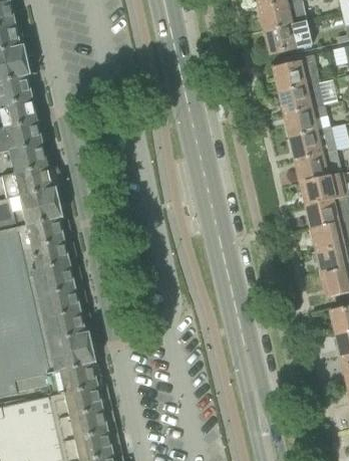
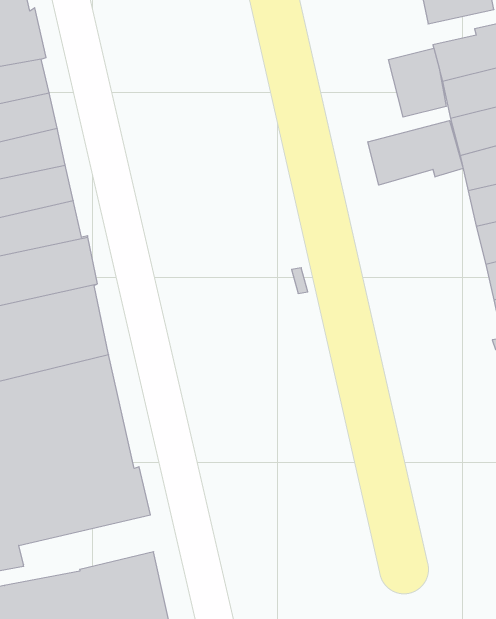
building: none -> [389,48,446,117]
building: none -> [368,121,463,185]
building: [14,362,98,396] -> none

